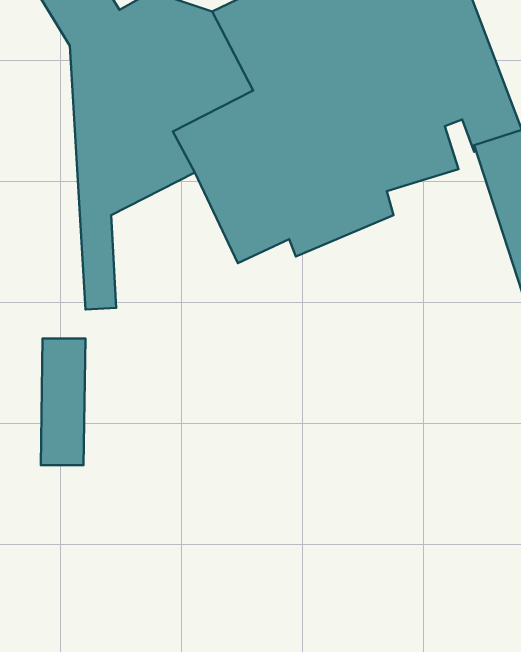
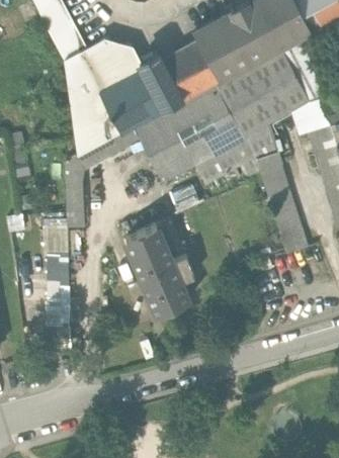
building: none -> [250,150,306,247]
building: none -> [124,221,202,311]

